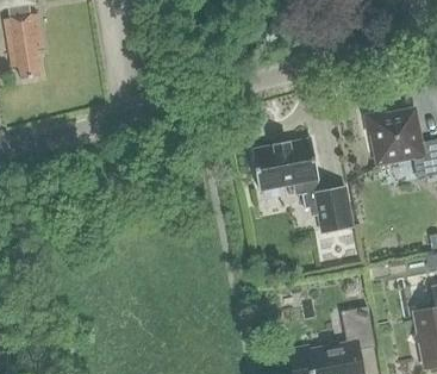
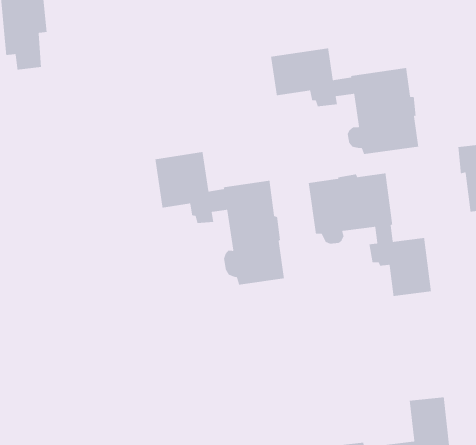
building: none -> [270,47,419,155]
building: none -> [154,151,285,285]

